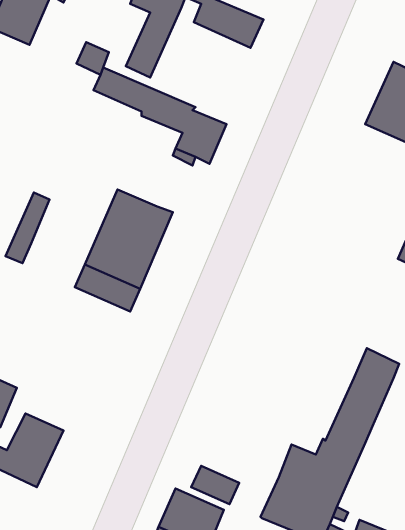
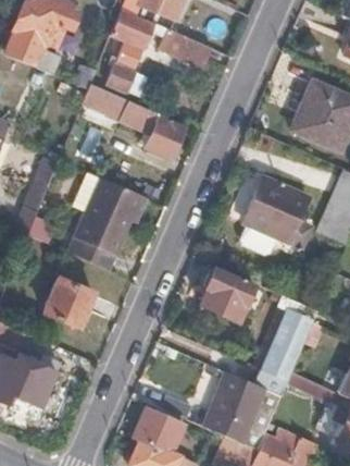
building: none -> [239,176,312,257]
building: none -> [200,269,253,323]
building: none -> [41,275,93,328]

